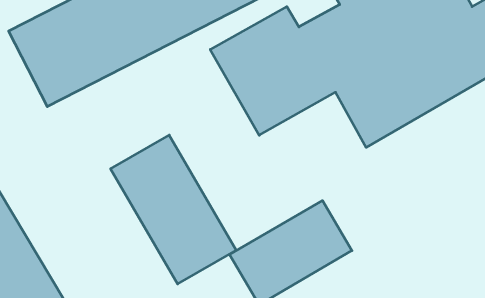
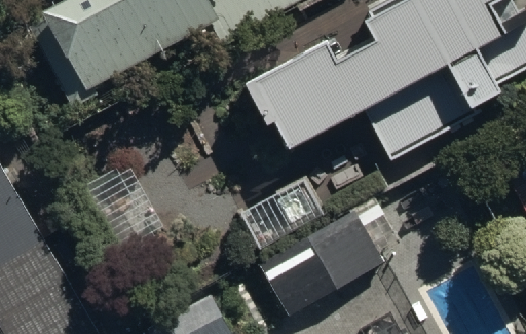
building: [111,135,236,284] -> none

